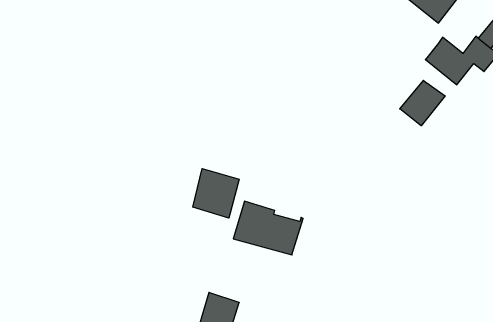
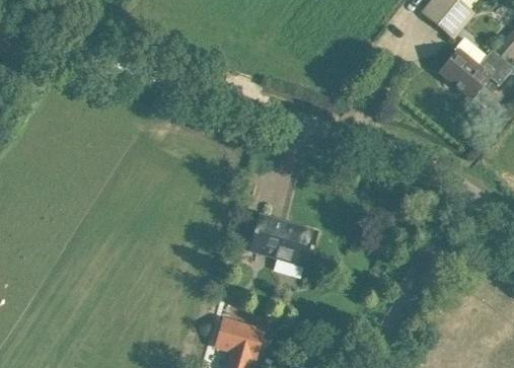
building: [400,80,445,126] -> none
building: [193,169,239,218] -> none

